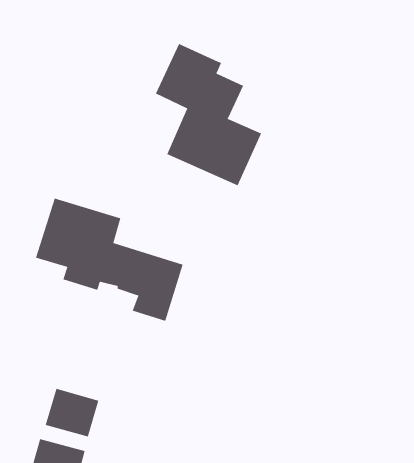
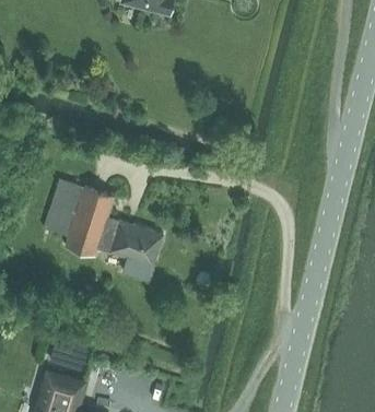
building: [155,43,262,186] -> none

